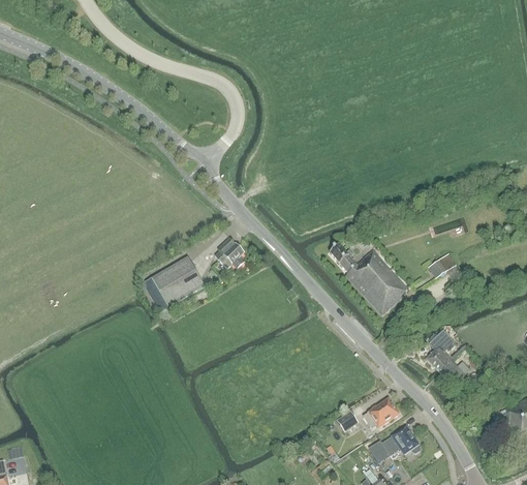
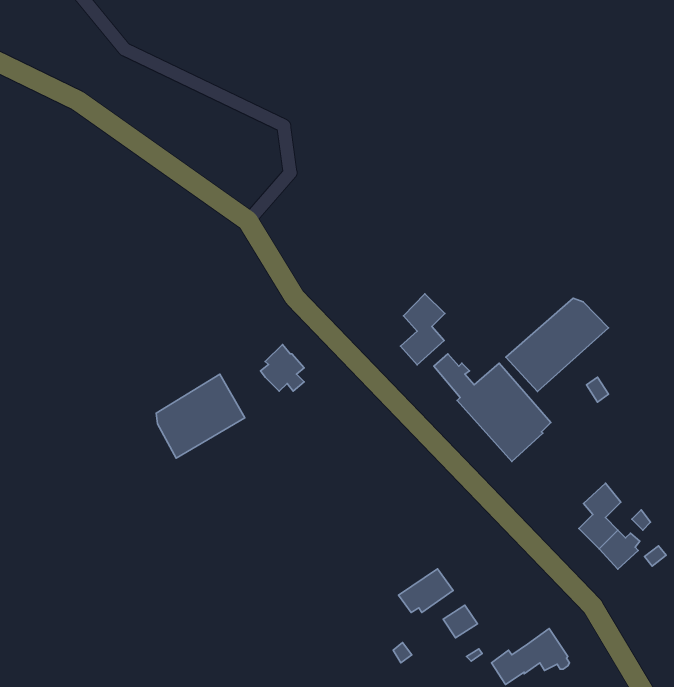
building: none -> [401,294,445,365]
building: none -> [506,298,609,391]
building: [363,398,399,427] -> [399,569,453,612]

